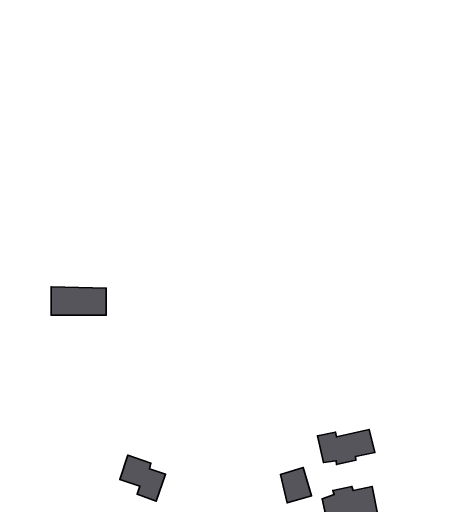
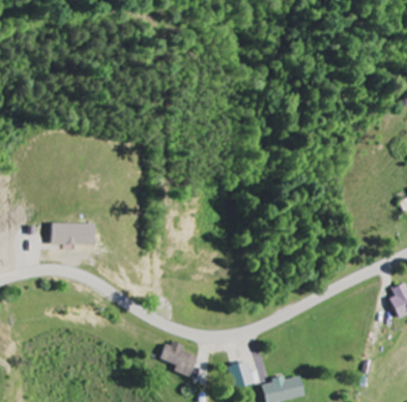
building: [318,429,375,465] -> none
building: [120,455,166,501] -> [159,340,195,375]

